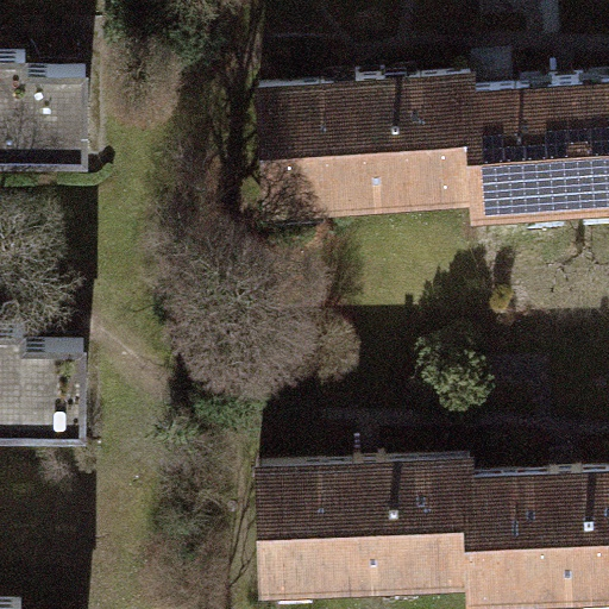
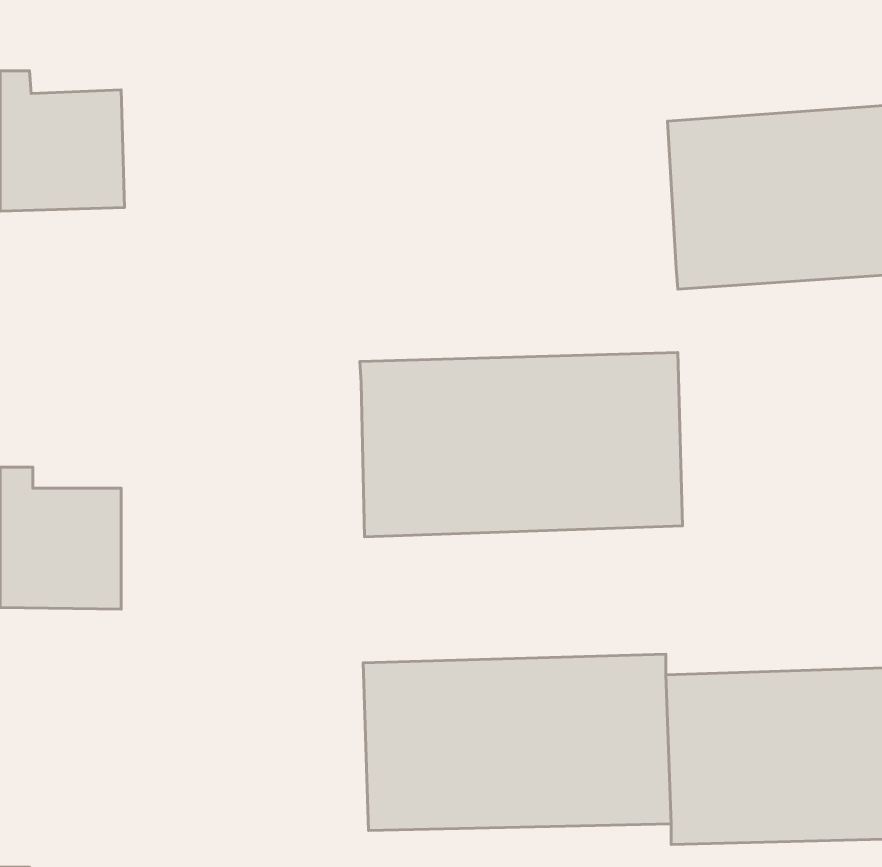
building: [249,82,466,209] -> none
building: none -> [360,353,683,537]

